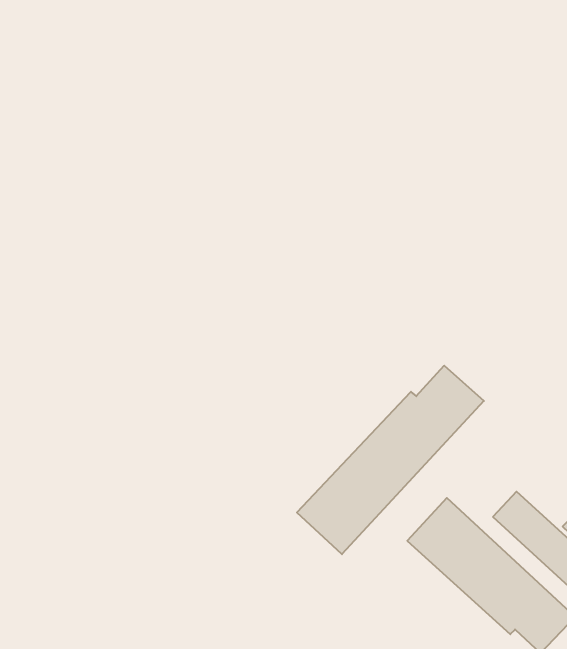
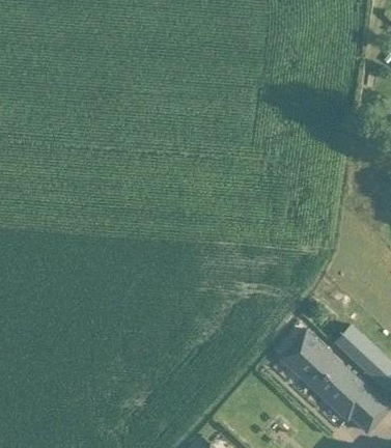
building: [297,366,484,554] -> none

